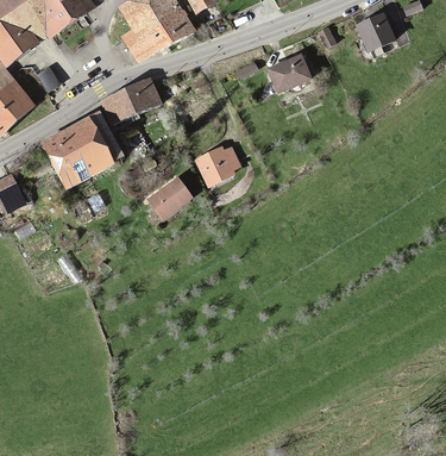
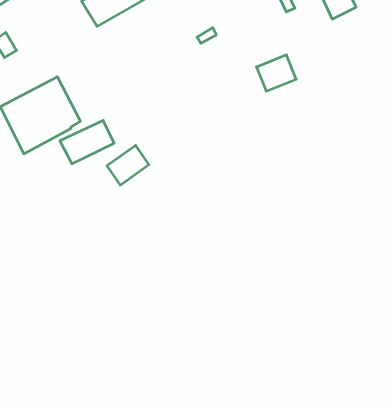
building: [270,56,309,92] -> [256,55,296,91]
building: [103,82,157,125] -> [60,120,114,164]
building: [196,146,241,186] -> none

